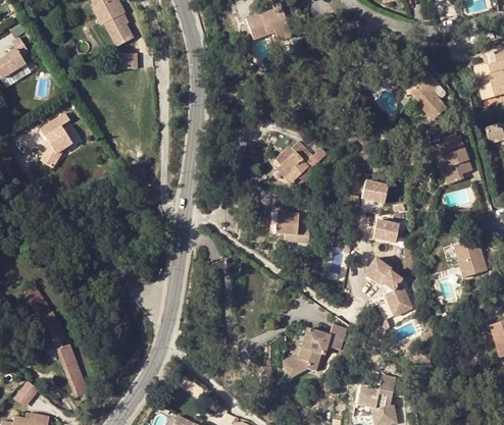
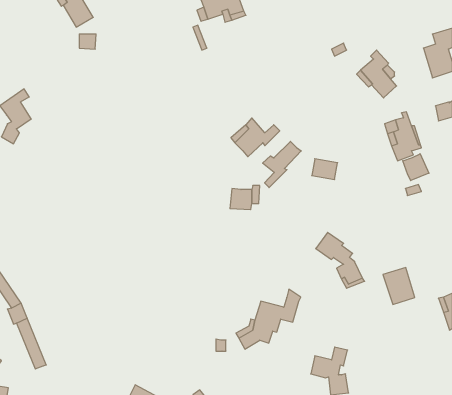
building: none -> [263,141,301,188]
building: none -> [403,154,429,181]
building: [371,220,398,243] -> none
building: [454,240,487,277] -> [383,268,415,304]

